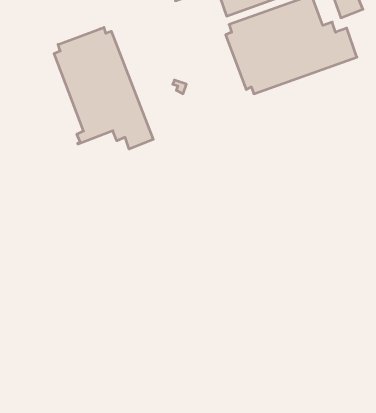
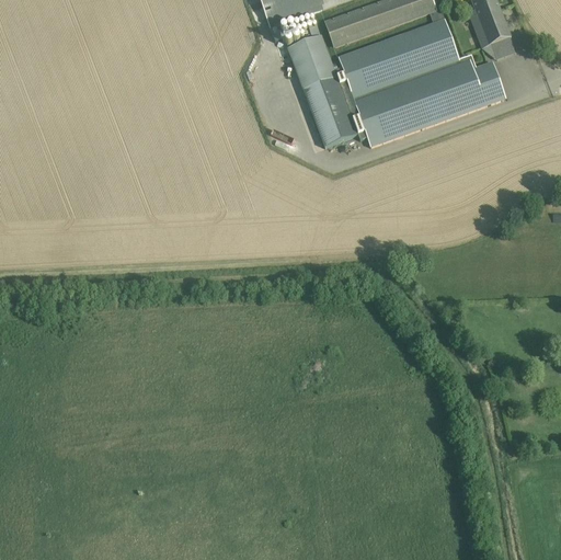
building: none -> [287,33,358,145]
building: [54,27,153,149] -> none

